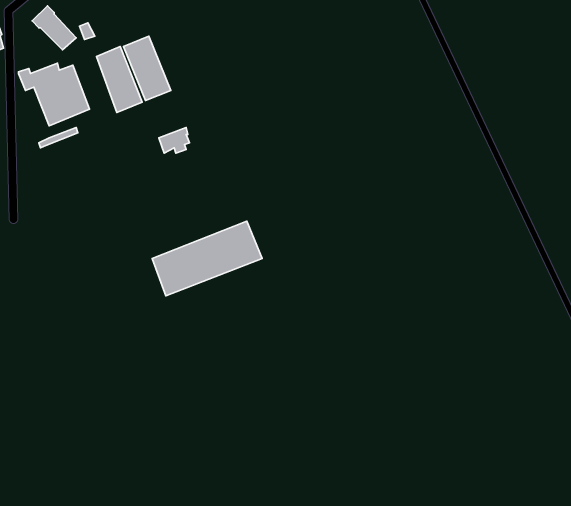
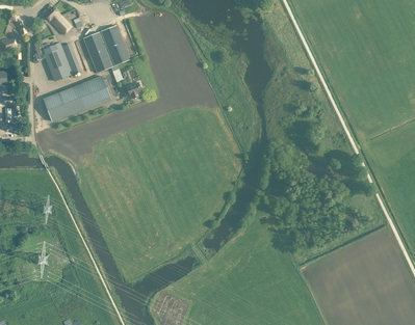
building: [152,221,262,296] -> [43,75,110,120]

